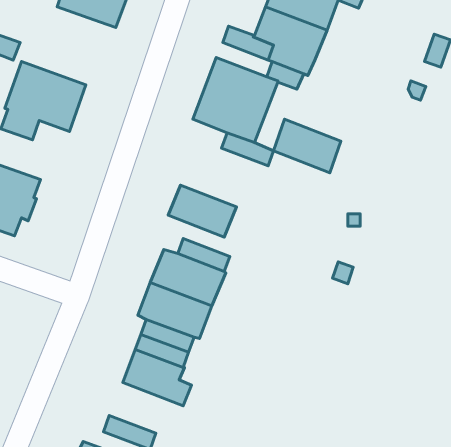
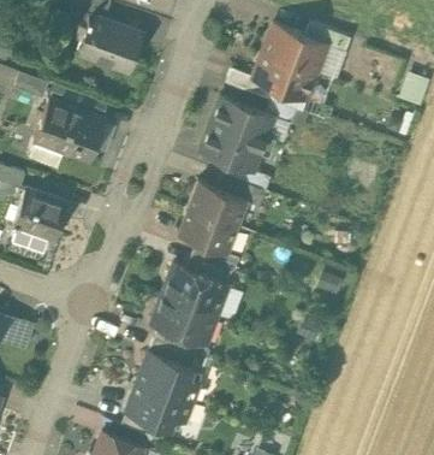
building: [274,119,341,173] -> [189,181,248,228]
building: none -> [126,382,191,427]

